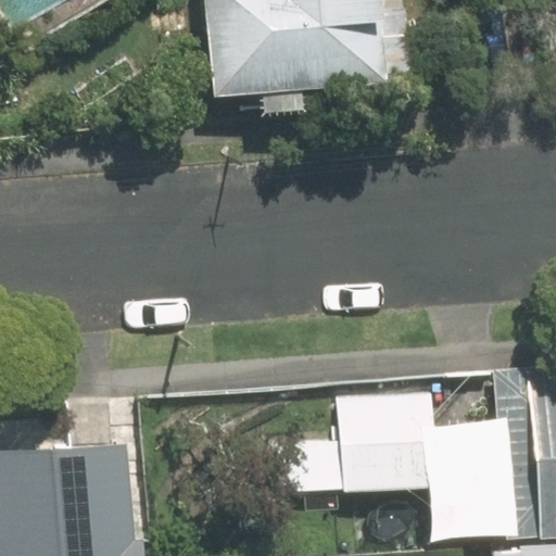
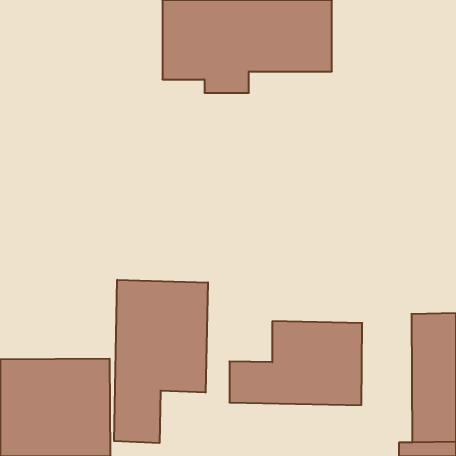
building: none -> [114,280,208,443]

